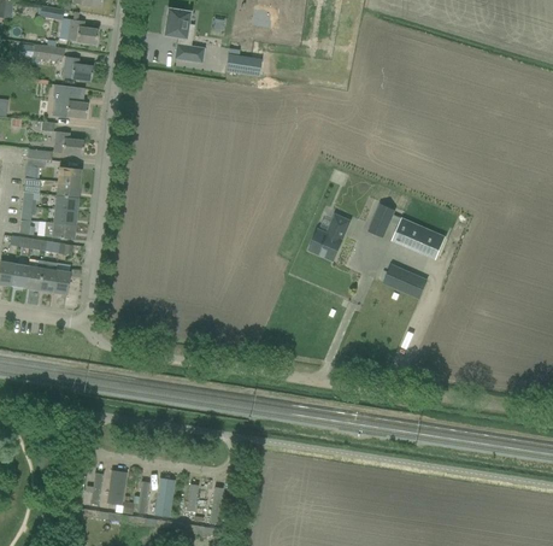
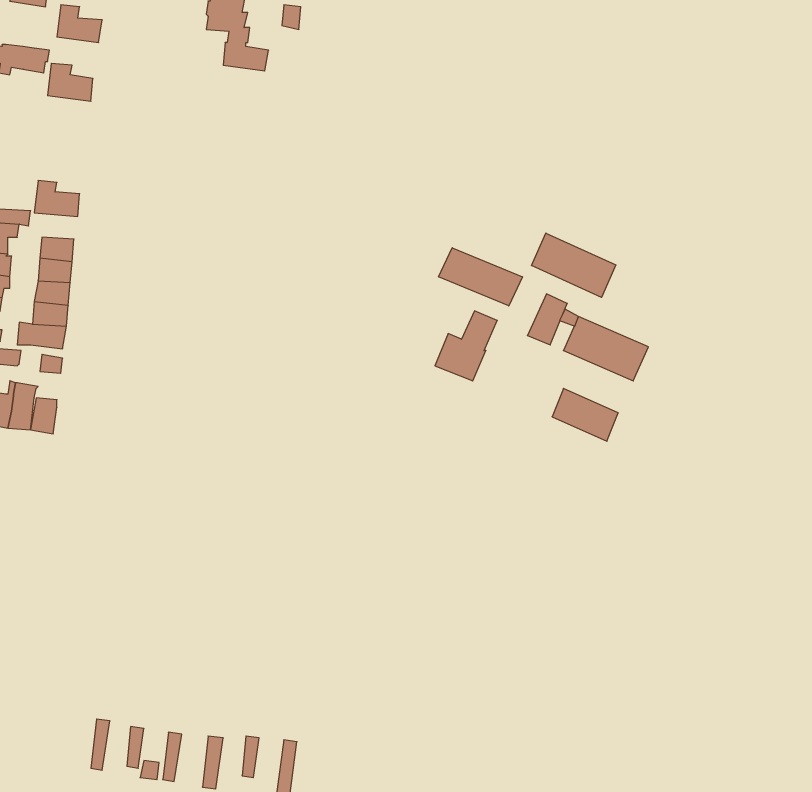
building: [224,53,261,76] -> none
building: [51,84,87,118] -> none
building: none -> [532,233,616,297]
building: none -> [439,248,522,306]

